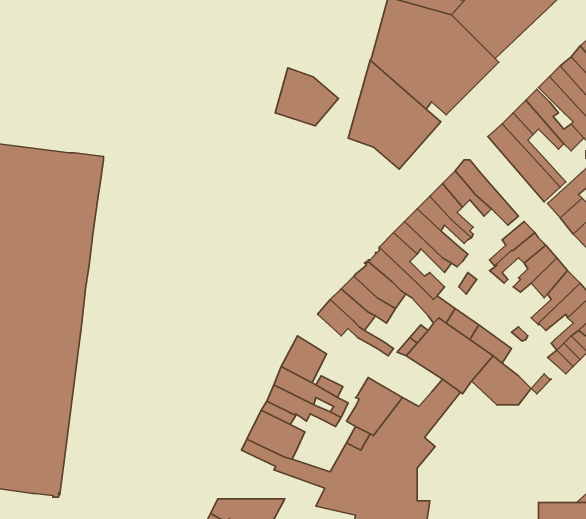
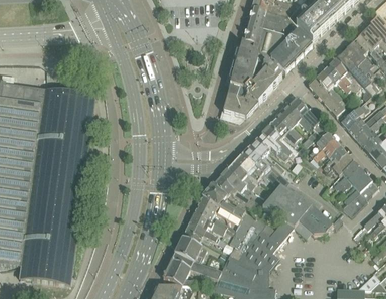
building: [275,68,339,126] -> [223,86,258,118]
building: none -> [202,183,276,235]
building: none -> [158,259,195,286]

